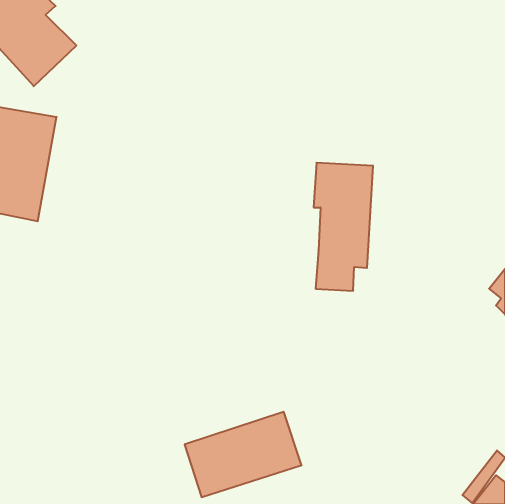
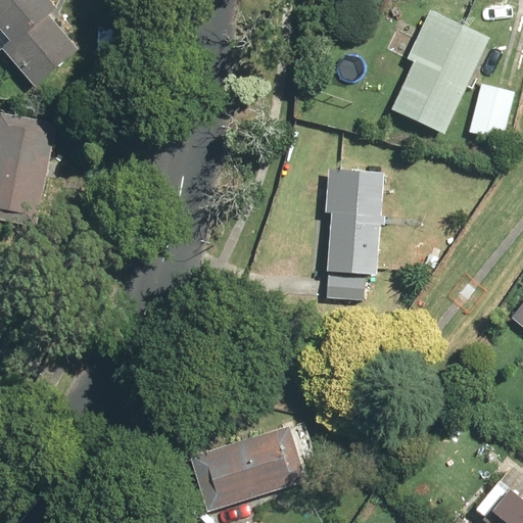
building: none -> [392,8,490,135]
building: none -> [469,82,513,138]

